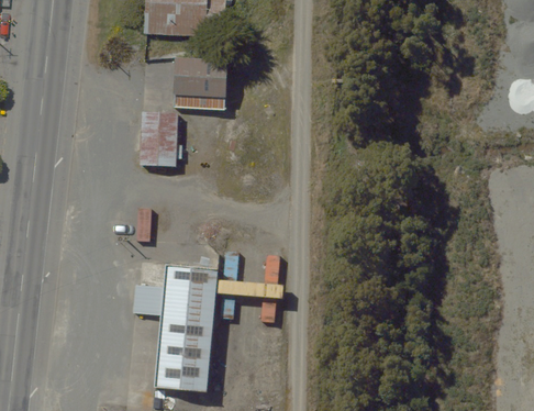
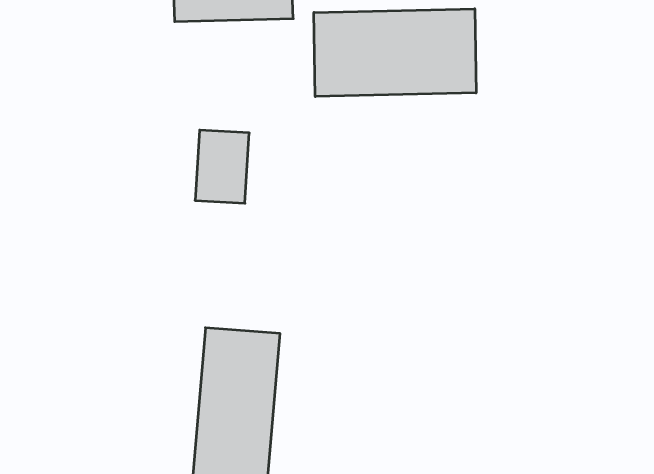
building: none -> [314,9,476,97]
building: [170,54,221,97] -> none

